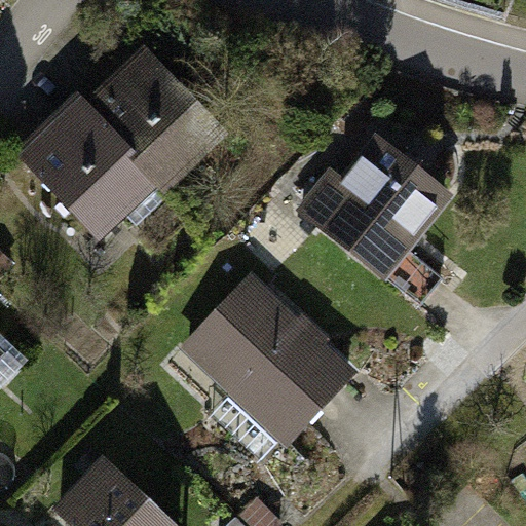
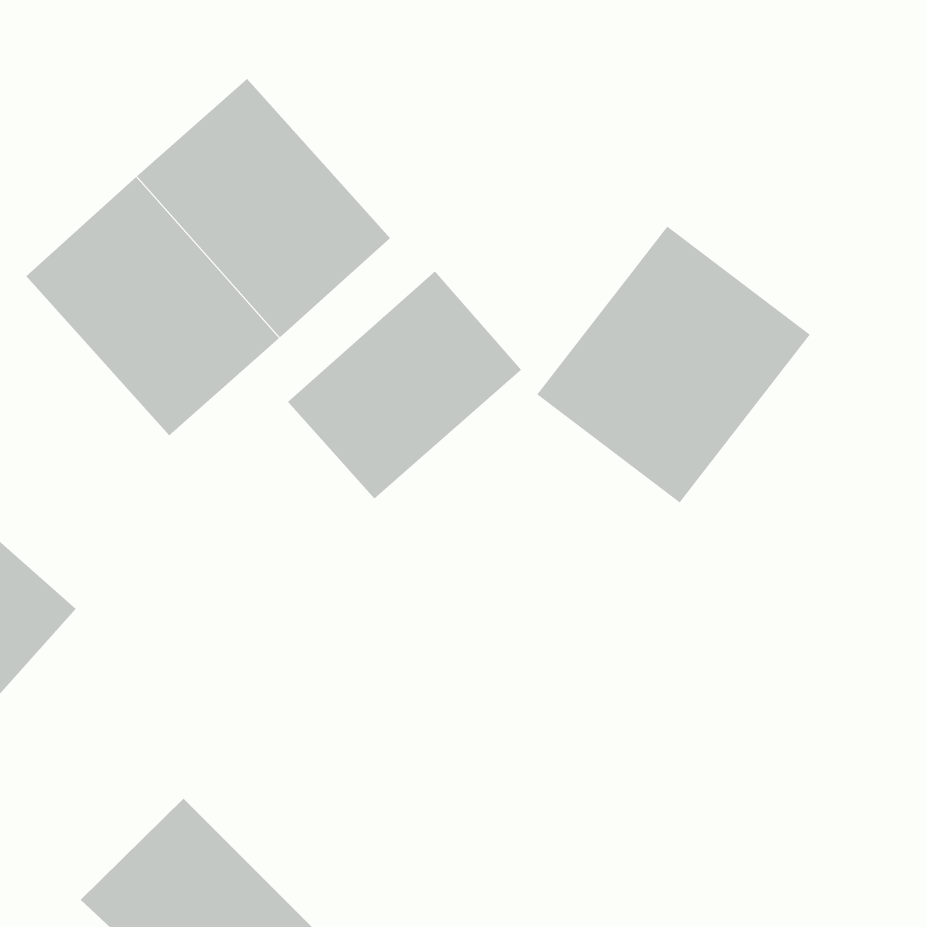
building: none -> [287,270,522,500]
building: [179,272,354,445] -> none

